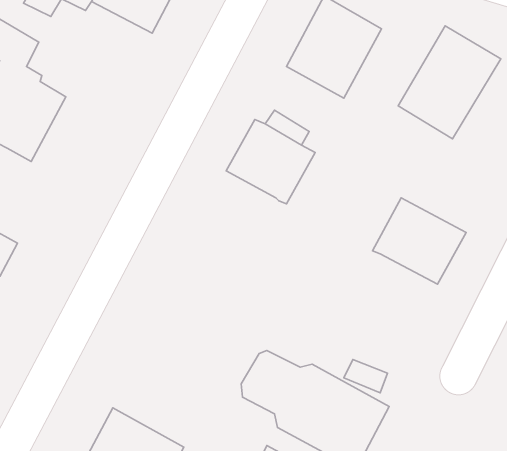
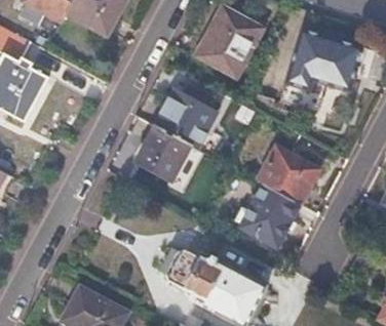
building: none -> [136,126,192,182]
building: none -> [232,182,300,246]

